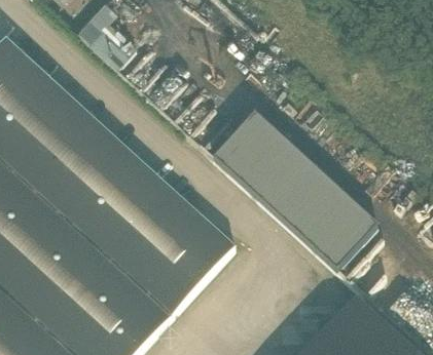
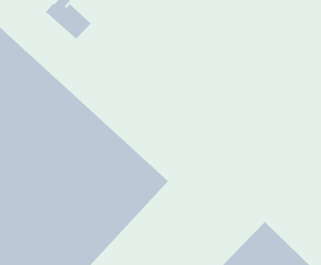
building: [215,115,378,271] -> none

